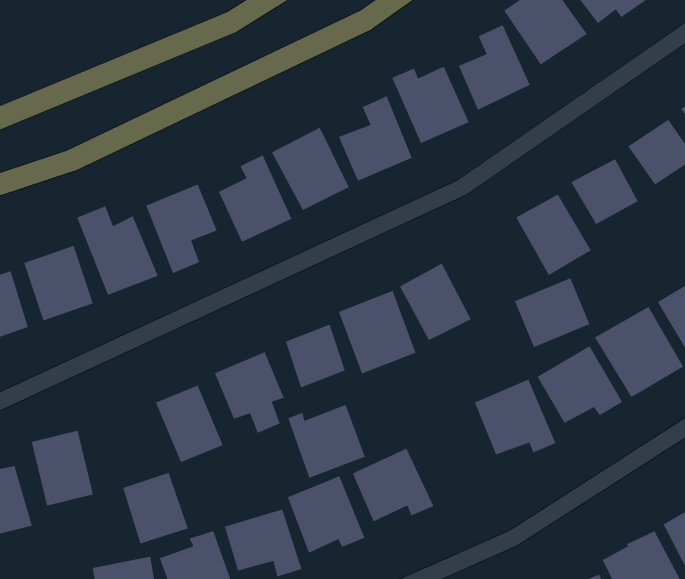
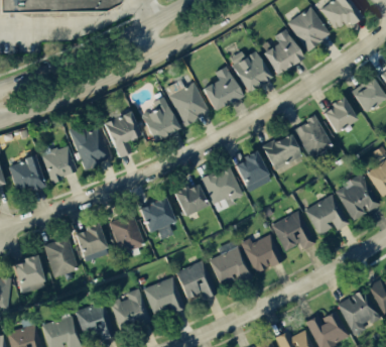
building: [514,277,590,348] -> [262,133,301,169]
building: [287,404,366,479] -> [242,234,282,272]
building: [122,472,189,545] -> [75,224,109,261]

